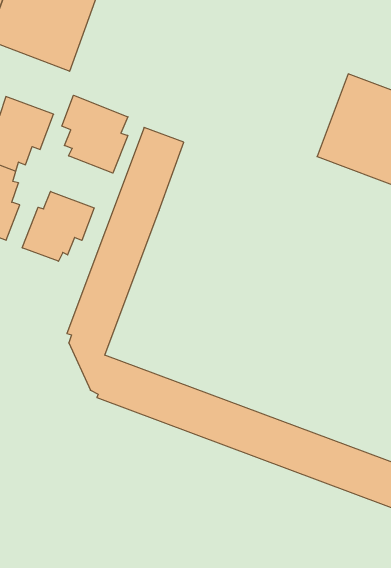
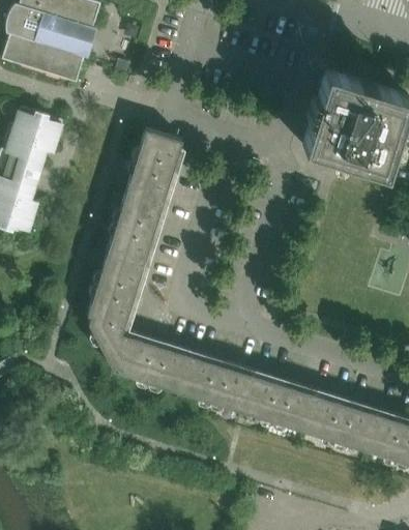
building: [62,95,128,173] -> none
building: [22,191,94,261] -> none

